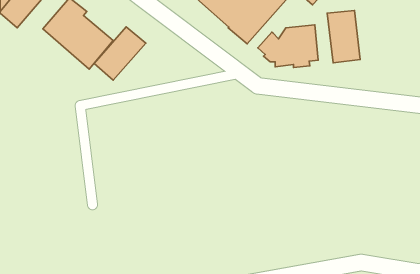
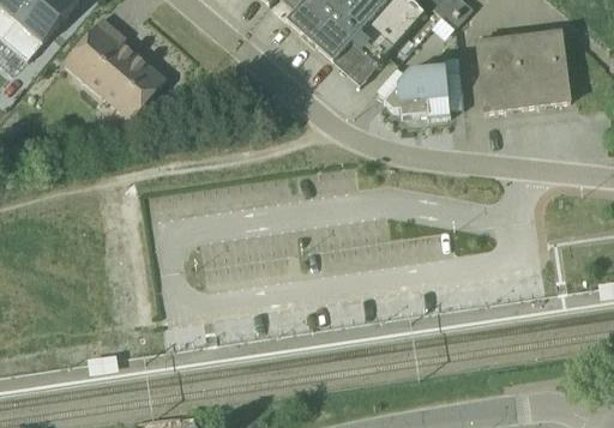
building: none -> [516,29,570,106]
building: [94,27,146,80] -> none

